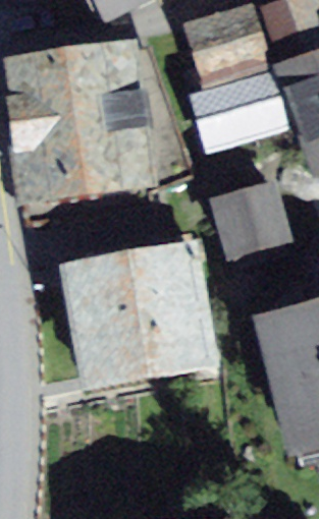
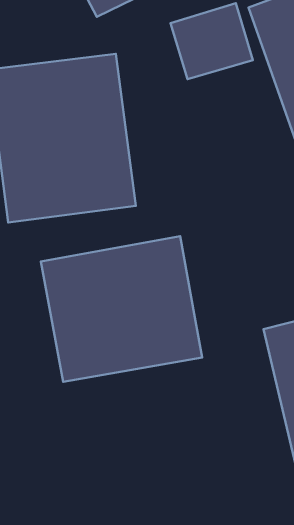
building: [187,69,280,145] -> none
building: [213,177,282,248] -> none

